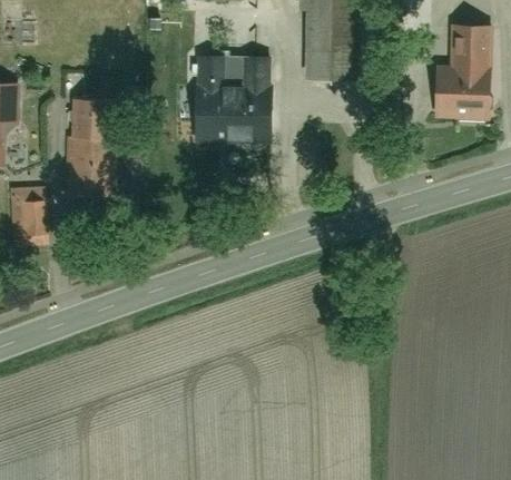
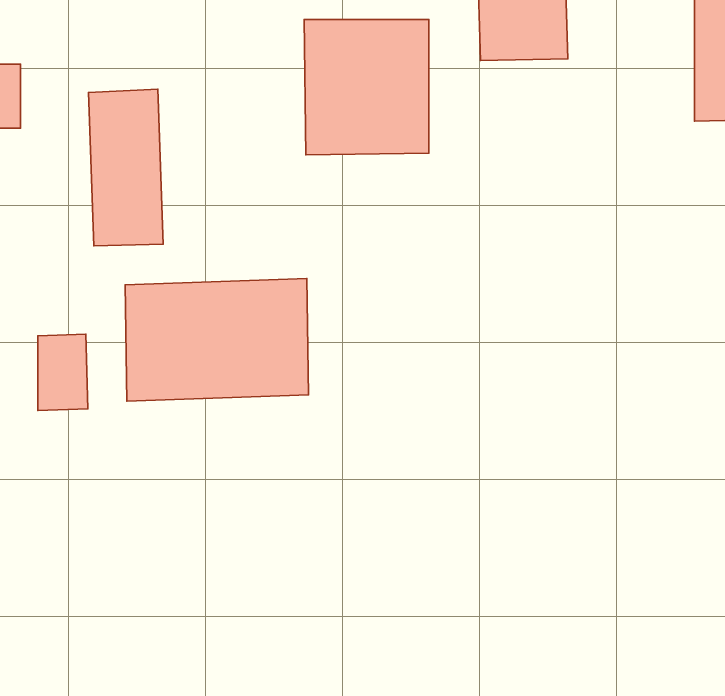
building: [14,195,46,243] -> [38,334,88,411]
building: none -> [125,279,309,401]

